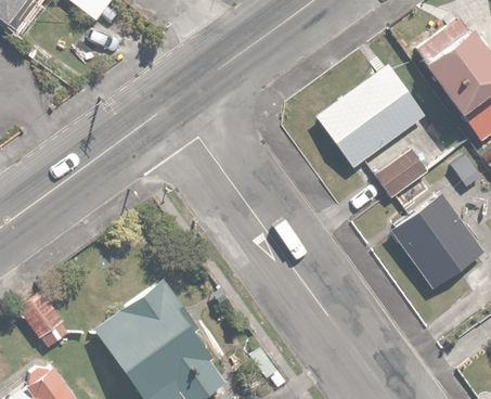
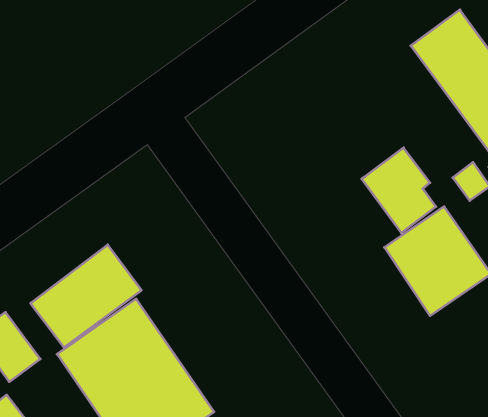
building: [314,63,429,172] -> none
building: none -> [31,245,141,348]

